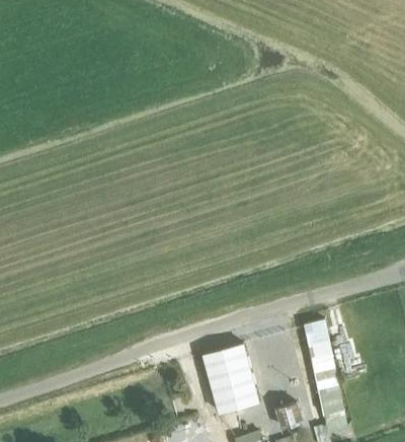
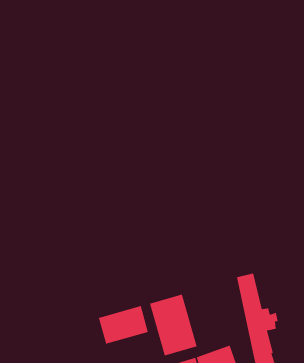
building: none -> [98,305,149,345]

